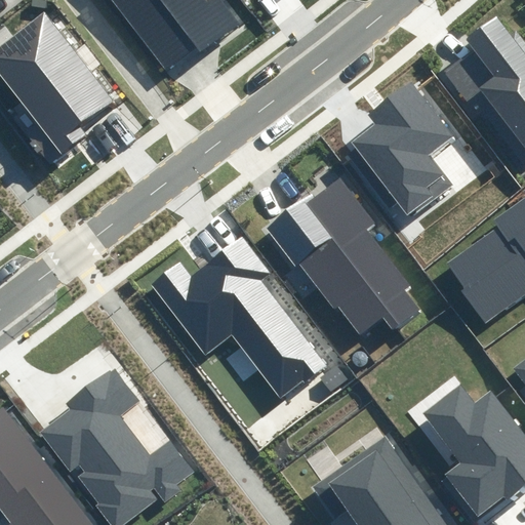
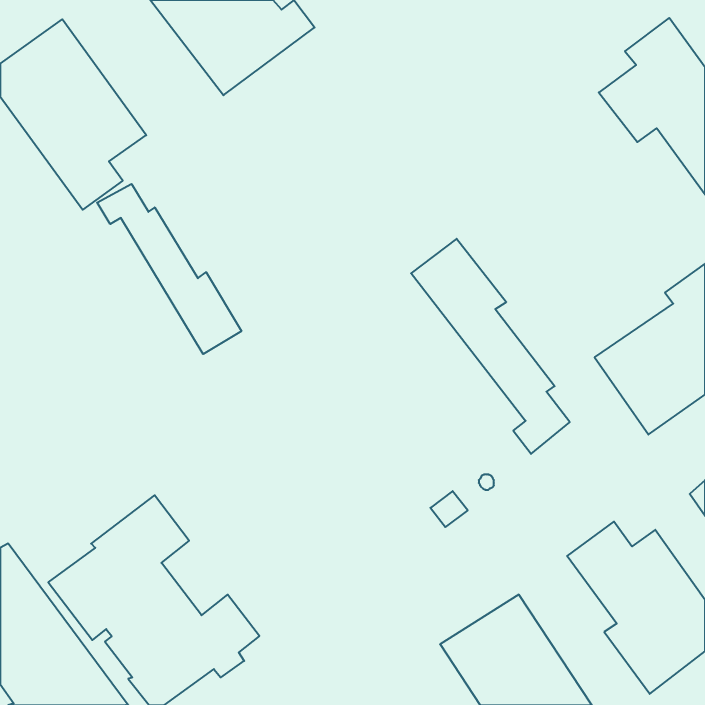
building: [350,82,456,219] -> none
building: none -> [97,184,241,354]
building: [266,199,391,341] -> none
building: [155,238,326,401] -> none

